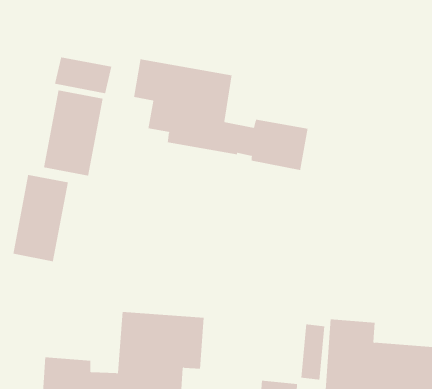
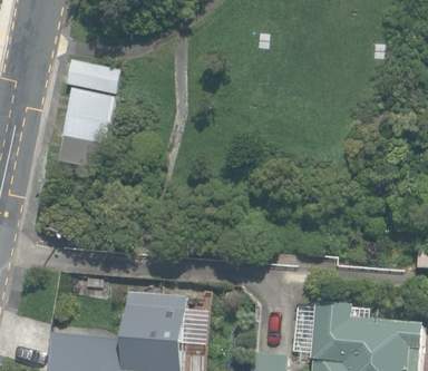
building: [134,59,308,171] -> none
building: [13,174,68,262] -> none

